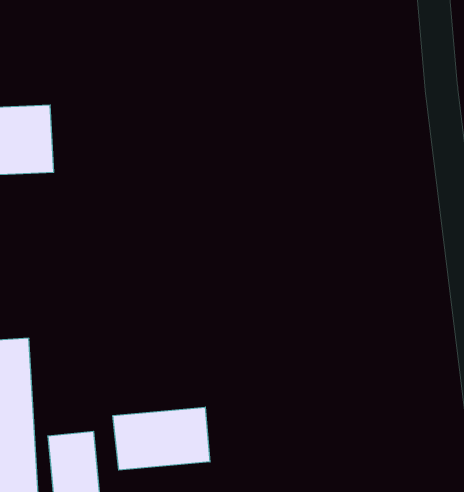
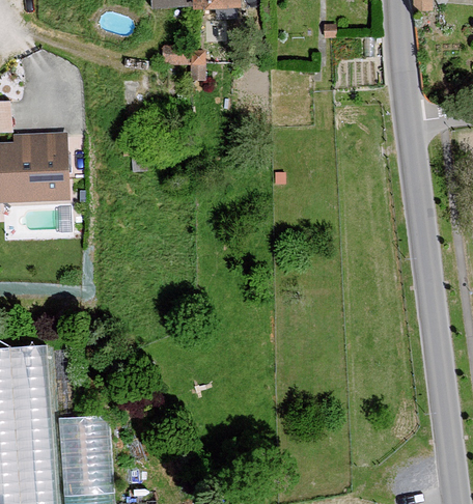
building: [113,407,210,470] -> none

